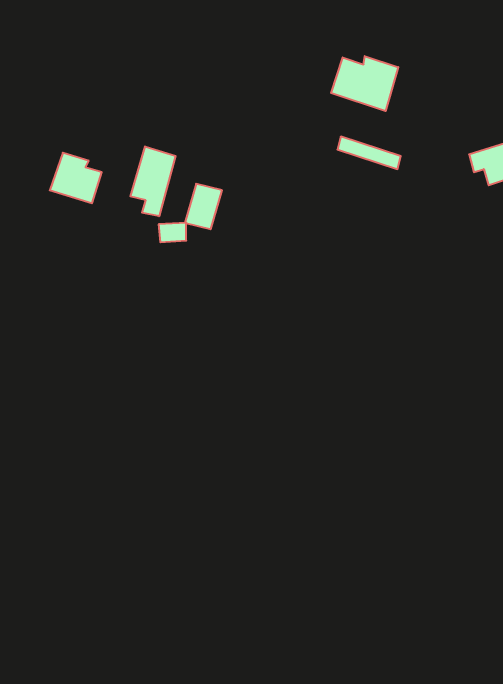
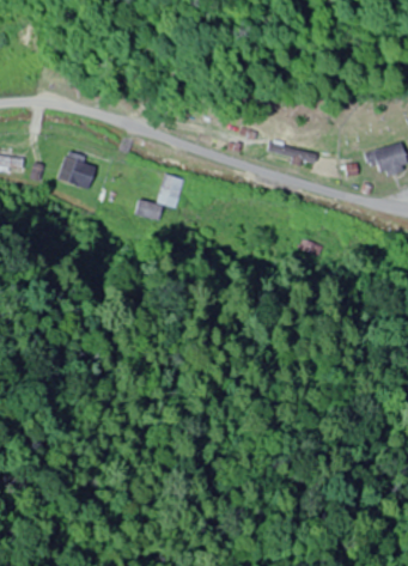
building: [331,56,398,111] -> none
building: [130,146,176,216] -> none

